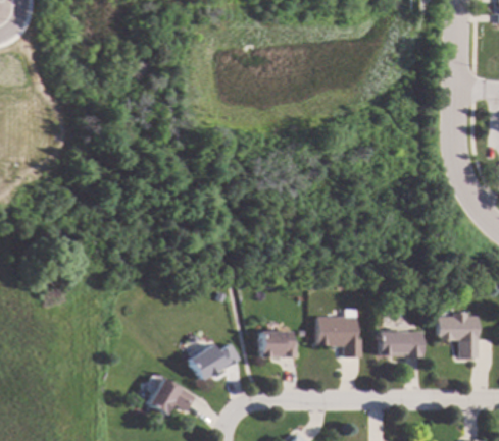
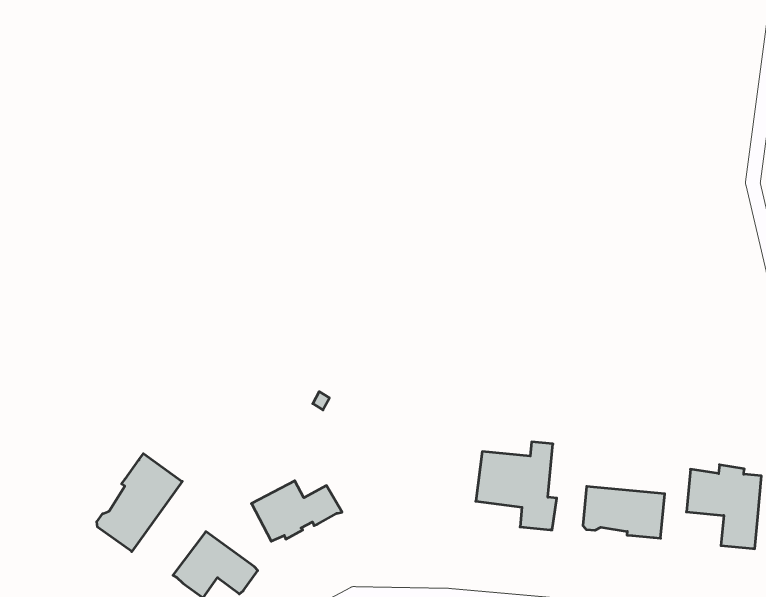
building: [259,331,297,357] -> none
building: none -> [97,454,182,552]

